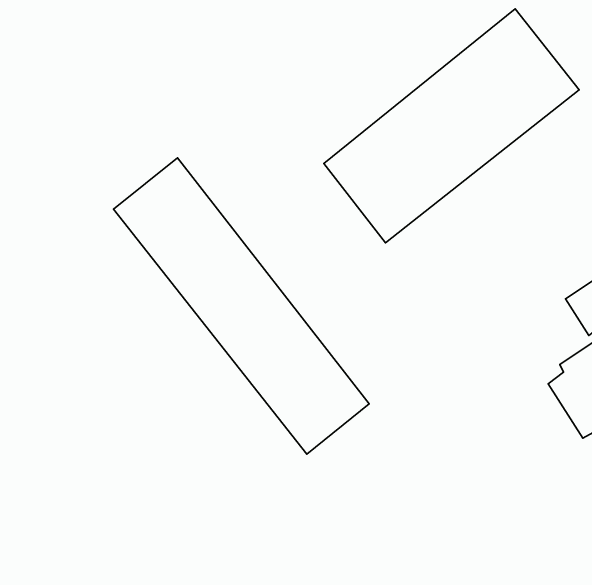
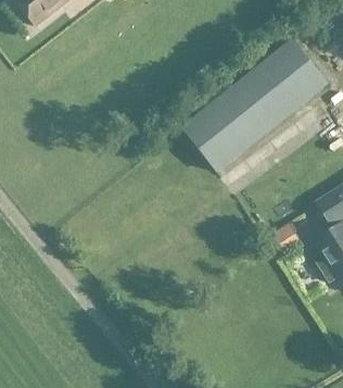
building: [113,158,369,454] -> none

